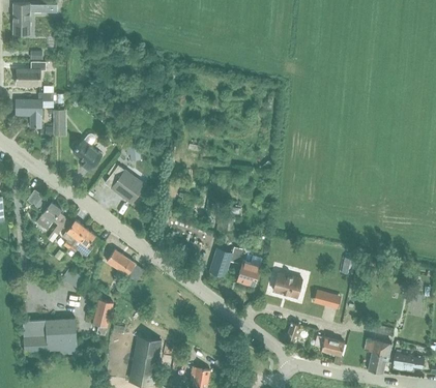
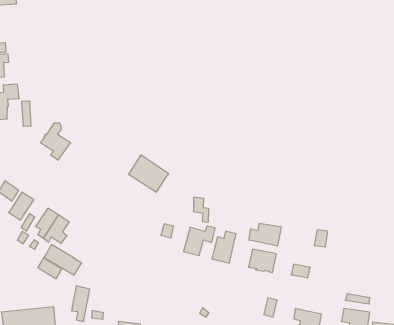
building: [104,163,144,202] -> [128,155,169,192]
building: none -> [249,224,281,246]
building: [106,248,143,280] -> [44,245,82,275]

